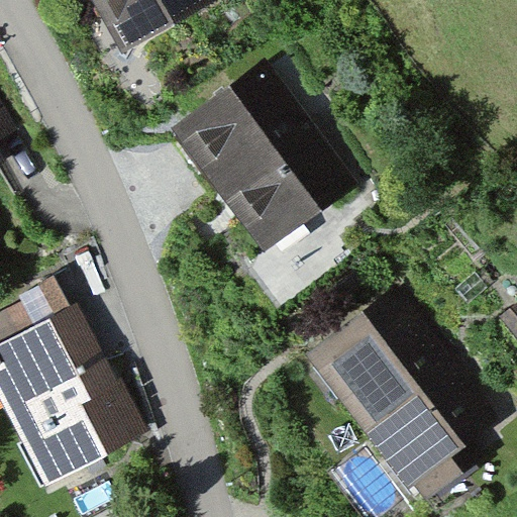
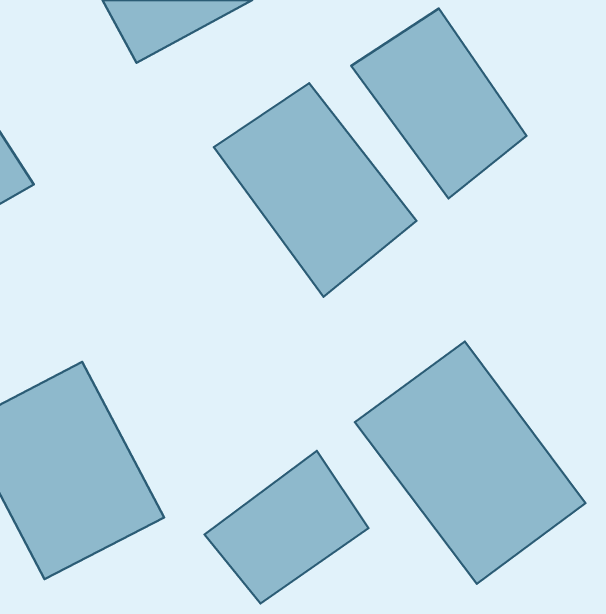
building: none -> [351,9,527,198]
building: none -> [204,451,368,603]

